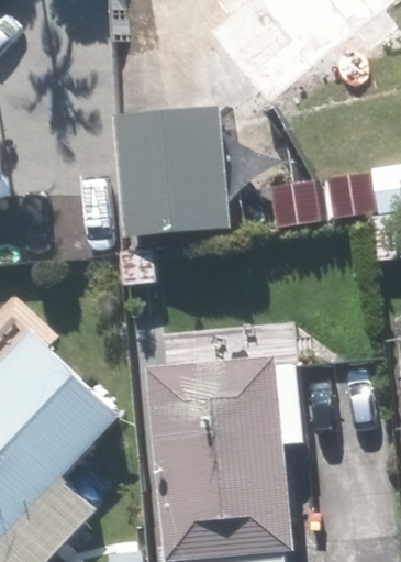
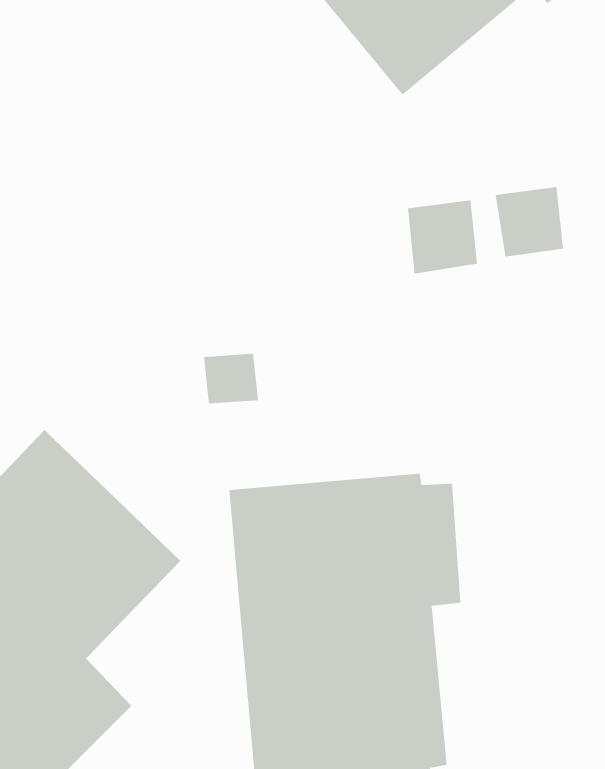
building: [116,111,223,234] -> none

